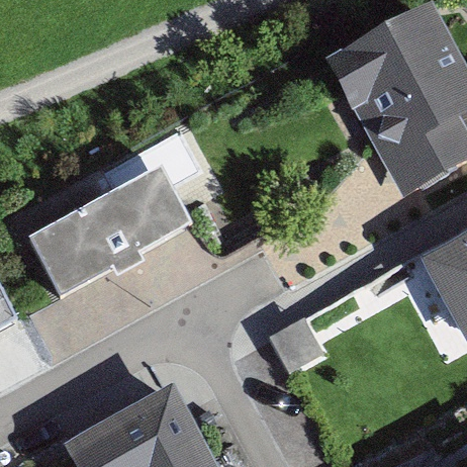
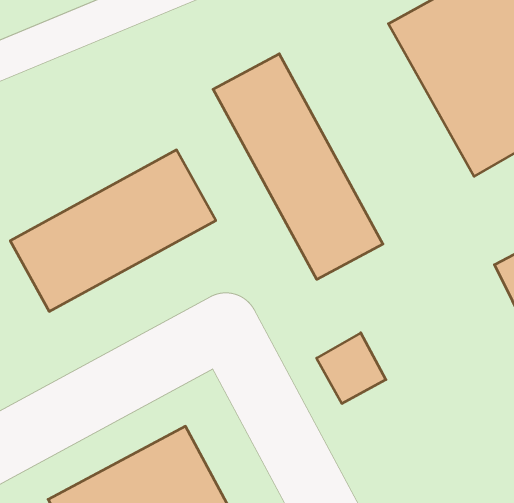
building: none -> [213,54,383,279]

